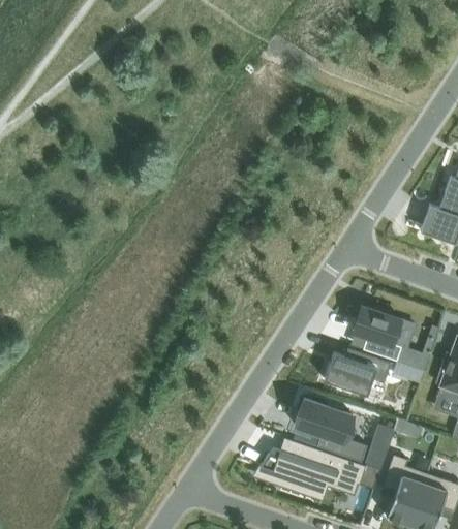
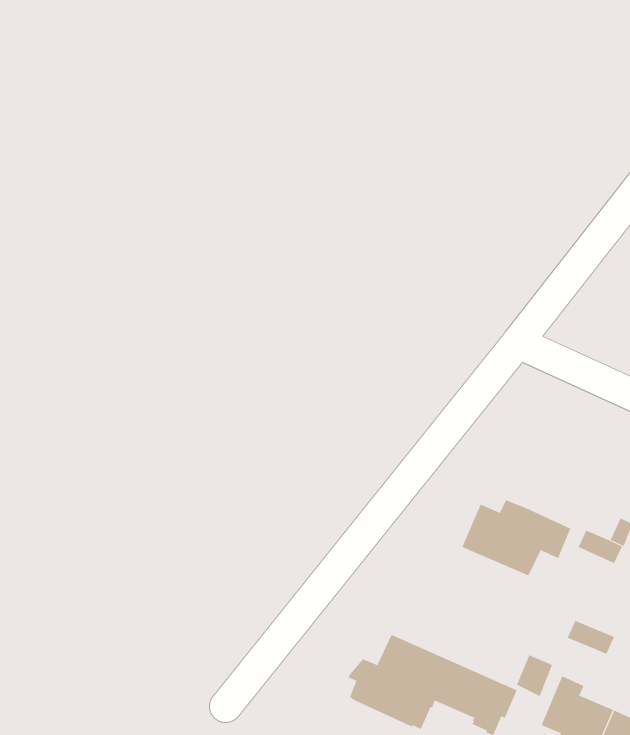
building: [353,307,401,363] -> none
building: [295,400,367,463] -> none

